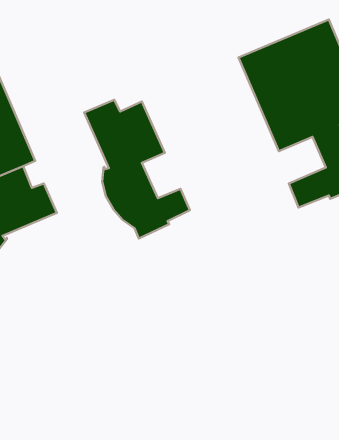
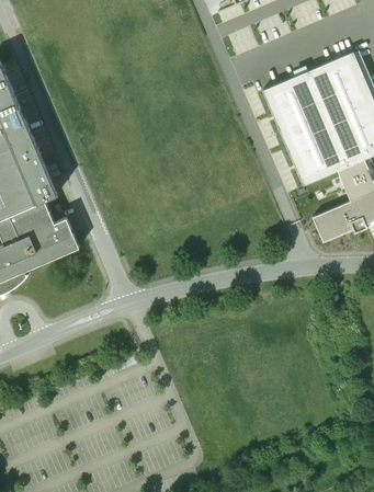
building: [84,100,190,238] -> none

